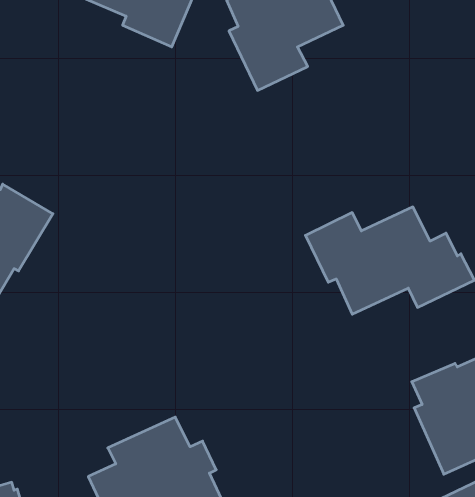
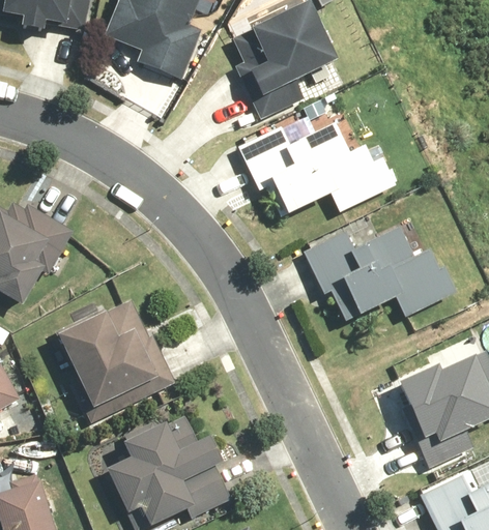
building: none -> [237,119,399,217]
building: none -> [57,296,176,421]

